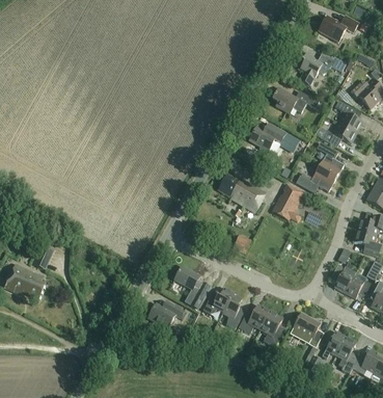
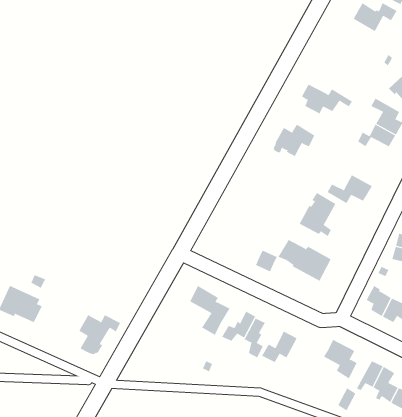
building: [300,52,346,85] -> none
building: [317,141,344,177] -> none
building: [218,174,266,211] -> [278,239,332,281]
building: [147,302,185,338] -> [78,315,121,355]
building: [261,311,282,346] -> none

